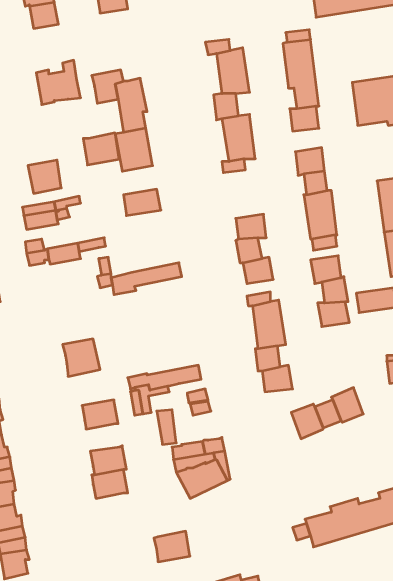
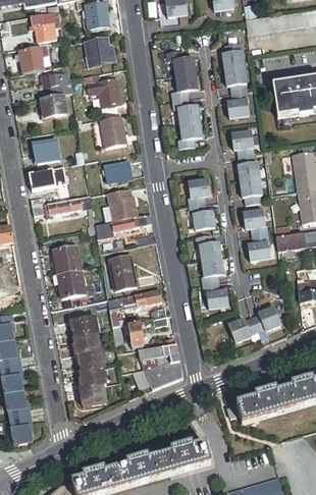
building: none -> [84,37,114,66]
building: none -> [19,45,44,73]
building: [83,133,119,165] -> [40,94,66,117]
building: none -> [105,187,137,221]
building: none -> [54,245,82,274]
building: none -> [109,254,138,289]
building: none -> [74,332,101,353]
building: [154,531,190,562] -> [81,383,107,405]

